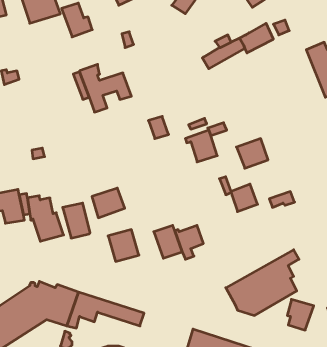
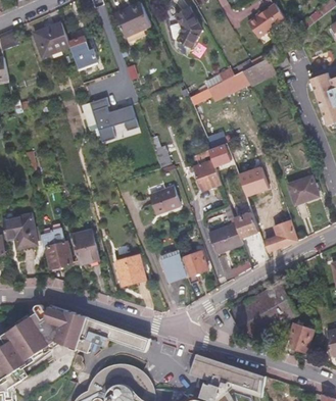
building: none -> [289,177,318,203]
building: [92,188,125,218] -> [149,187,181,215]
building: none -> [208,222,243,253]
building: none -> [266,229,299,251]

